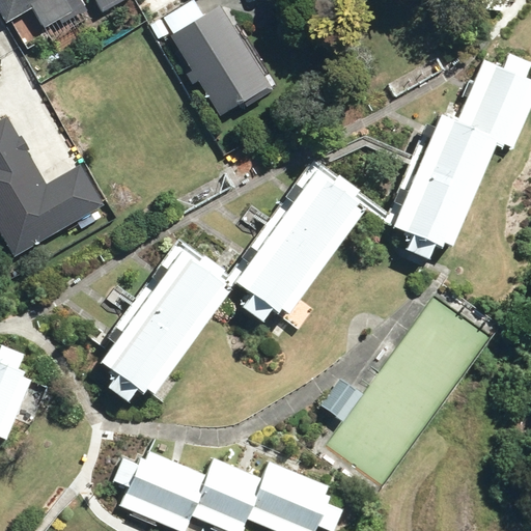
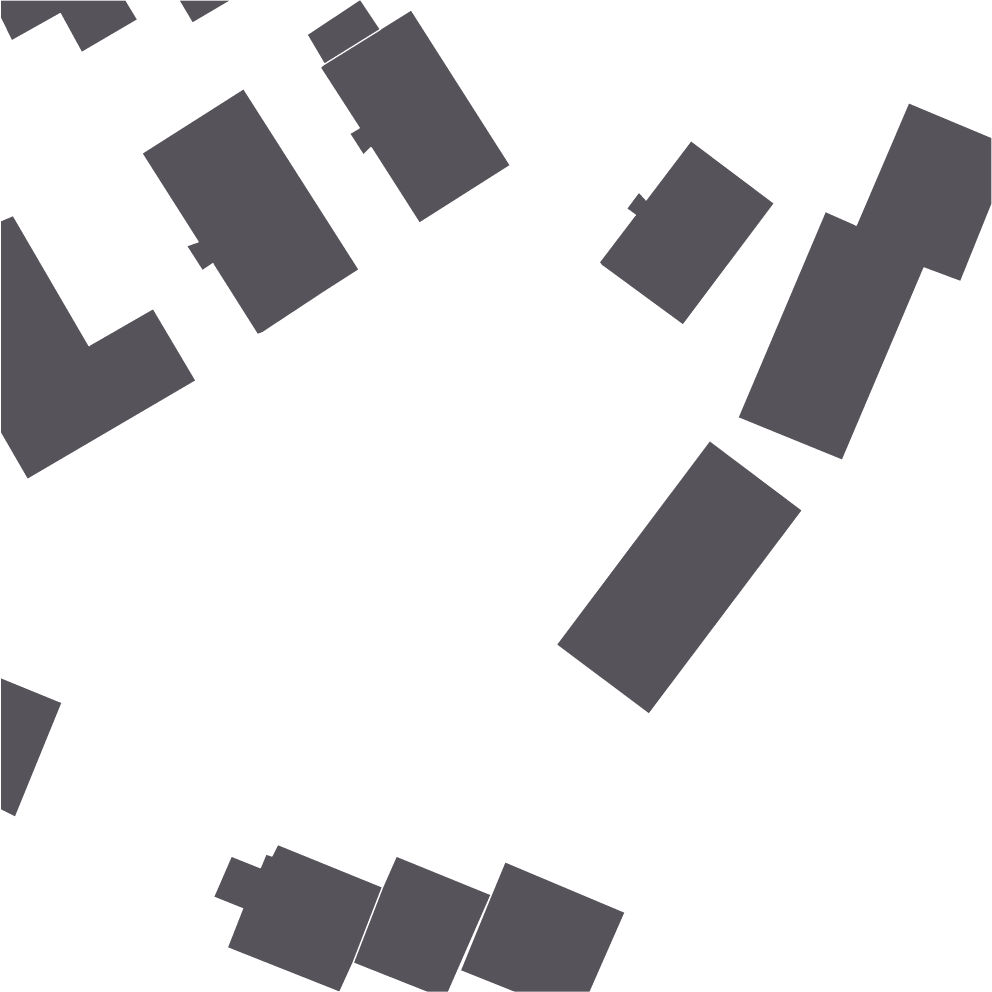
building: none -> [142,89,359,334]
building: none -> [599,140,774,325]
building: [233,168,365,314] -> [556,441,803,714]
building: [102,251,232,396] -> none

